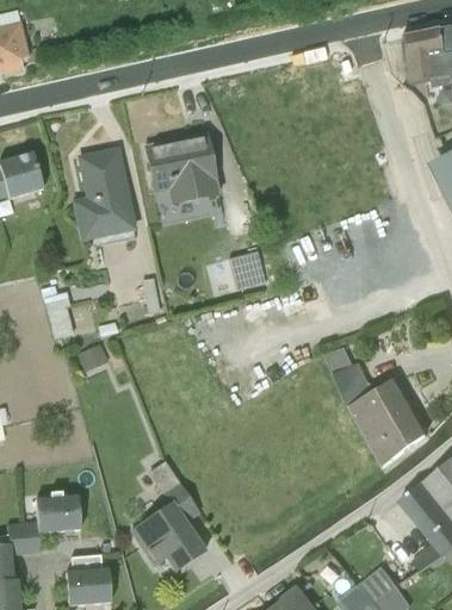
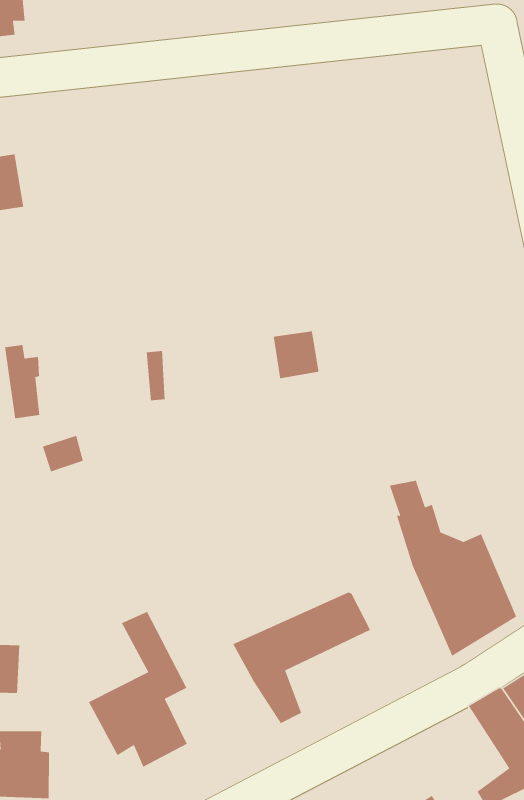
building: [145,130,219,203] -> none
building: [72,148,135,239] -> none
building: none -> [232,592,371,724]

